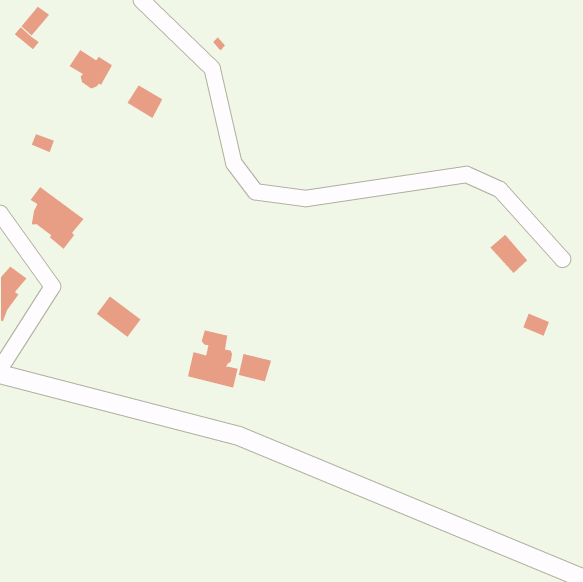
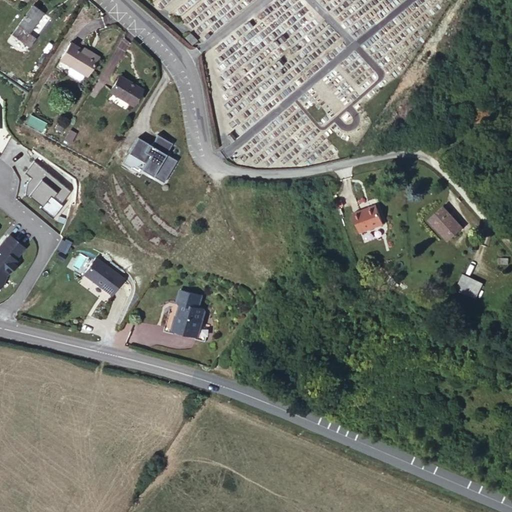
building: none -> [124,133,178,181]
building: none -> [354,206,383,233]
building: [238,353,272,382] -> none

